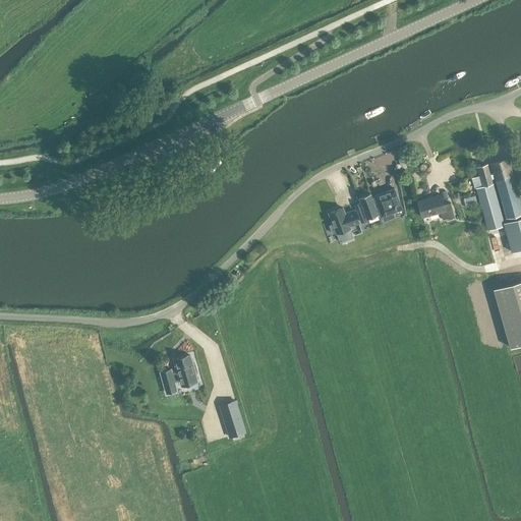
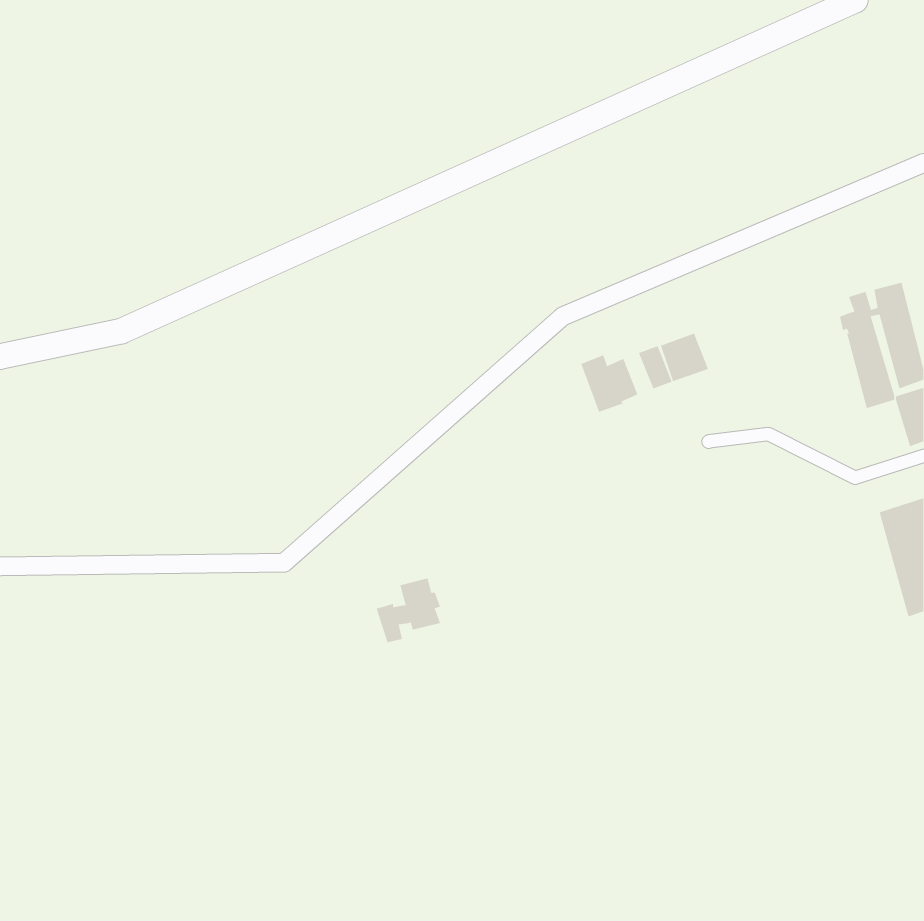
building: [417,196,454,221] -> none
building: [161,357,197,394] -> [376,578,441,643]
building: [220,403,245,439] -> none

